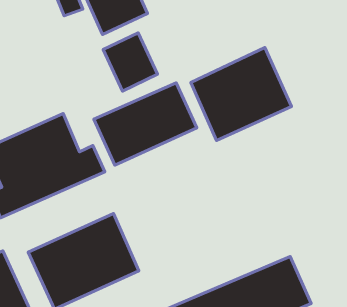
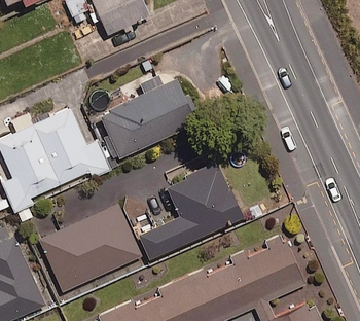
building: [103,33,157,91] -> none
building: [191,47,292,140] -> none
building: none -> [137,164,242,260]

